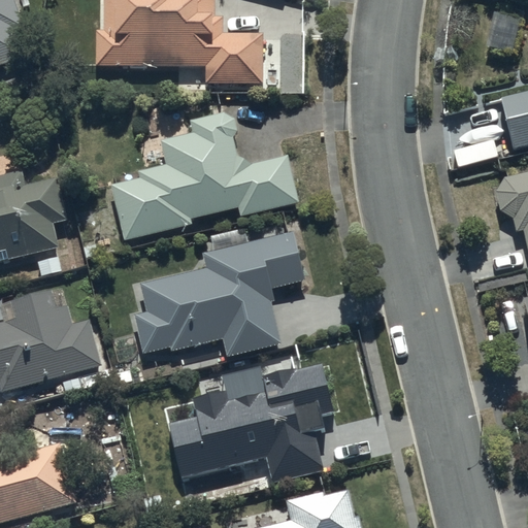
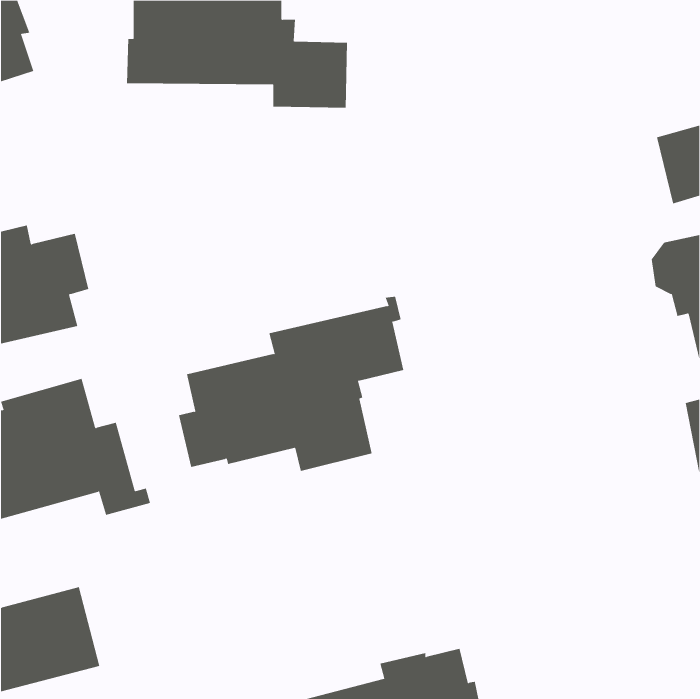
building: [110,113,298,240] -> none
building: [168,363,332,484] -> none

